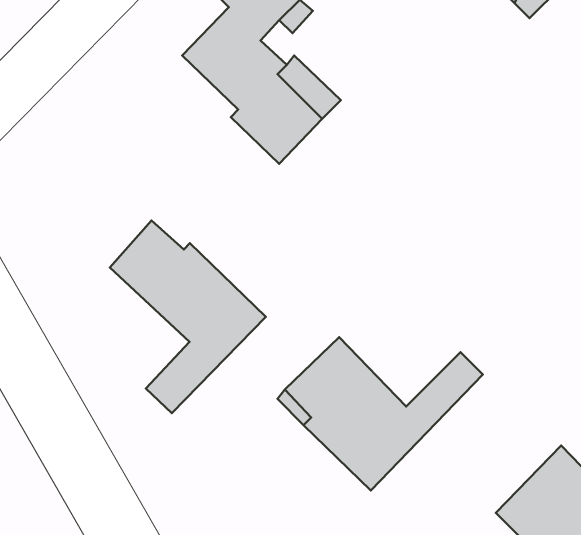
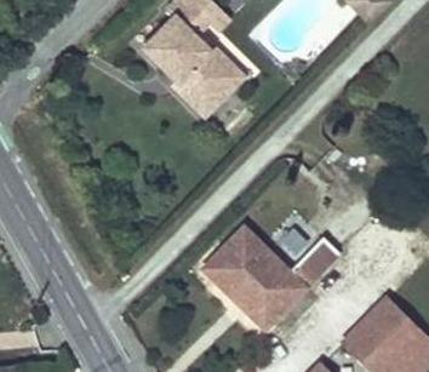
building: [110,220,266,413] -> none

